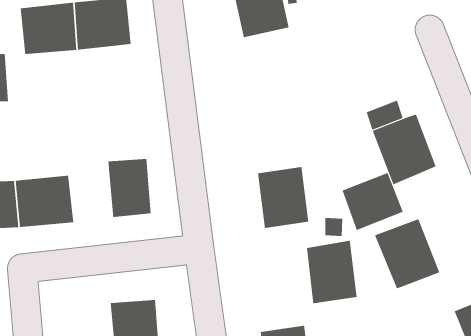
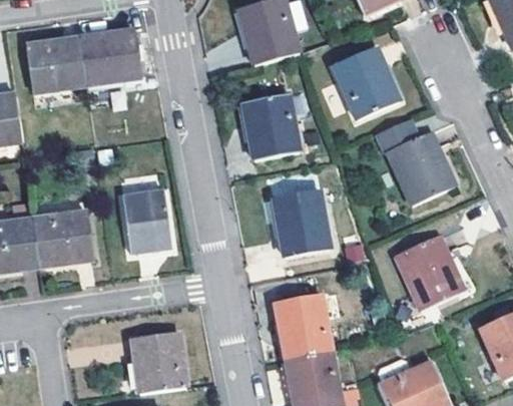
building: none -> [334,47,399,117]
building: none -> [242,95,300,158]
building: [342,172,403,231] -> none
building: [306,240,357,304] -> [277,293,331,359]

